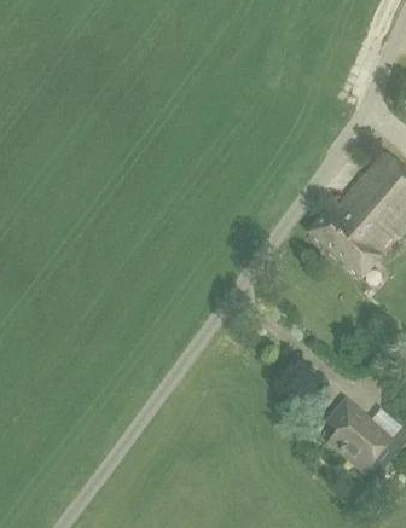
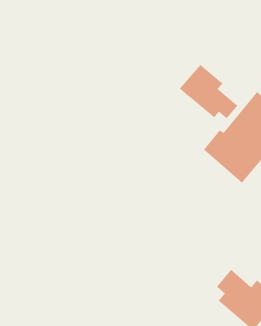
building: none -> [179,64,238,119]

